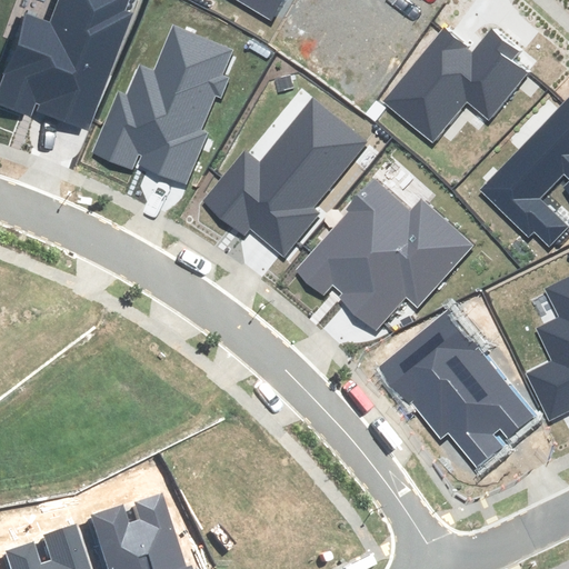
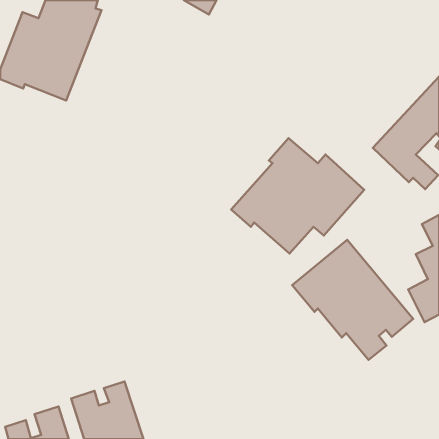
building: [94,27,232,182] -> none
building: [386,29,527,140] -> none
building: [204,99,366,256] -> none

